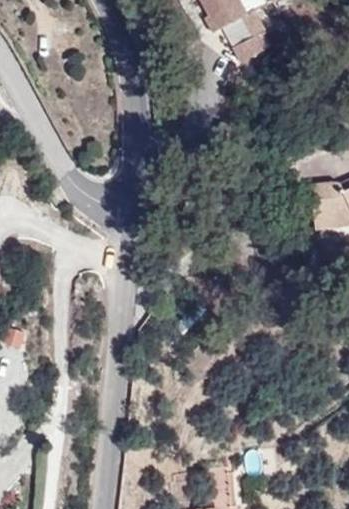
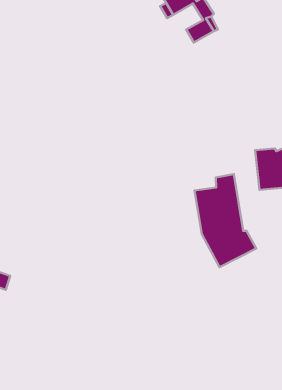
building: none -> [194,174,256,267]

